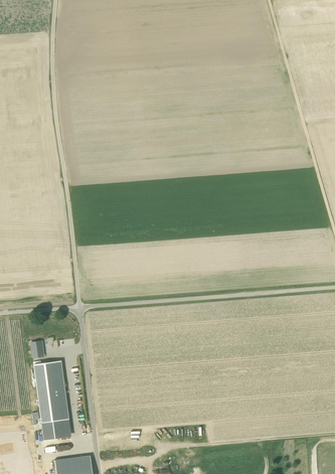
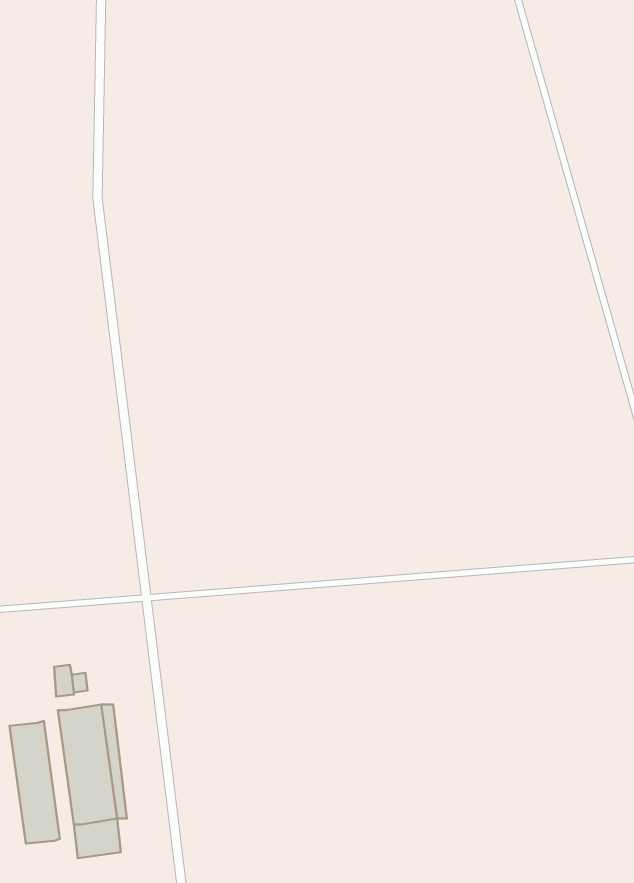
building: none -> [9,721,60,844]

